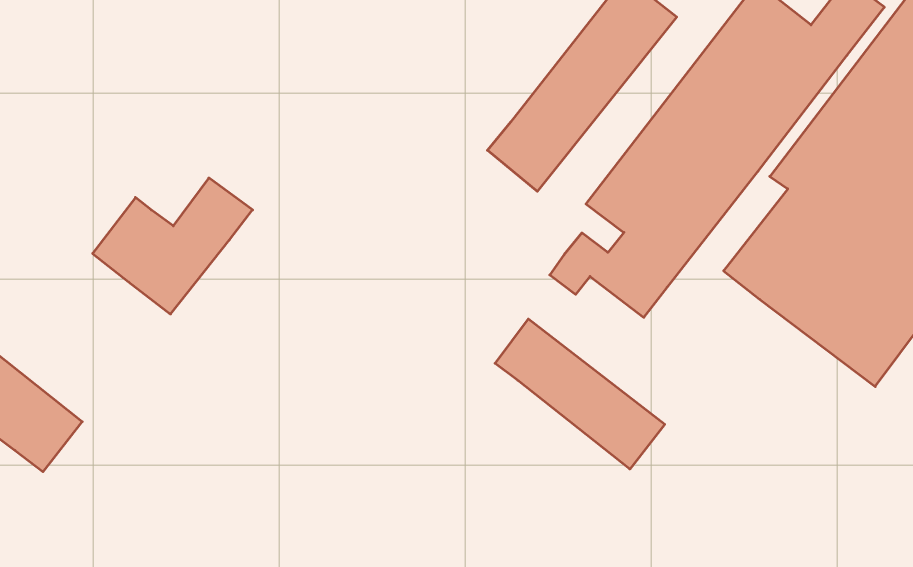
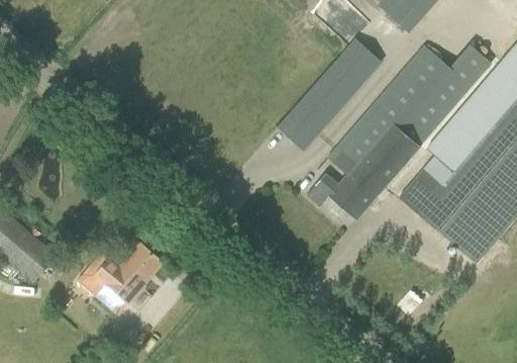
building: [93,178,253,314] -> [76,243,162,313]
building: [495,319,665,469] -> none

